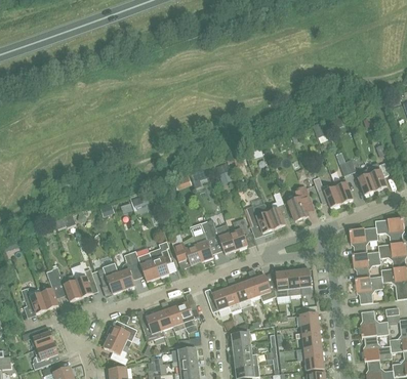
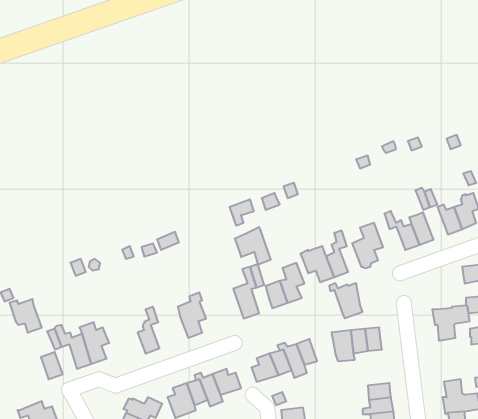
building: [348,226,377,254] -> none
building: [172,236,201,265] -> [235,227,271,265]
building: [129,250,157,281] -> none
building: [96,263,123,293] -> none
building: [249,272,276,300] -> [329,283,363,318]
building: [354,276,382,303] -> none
building: [21,287,46,313] -> [9,299,42,333]

